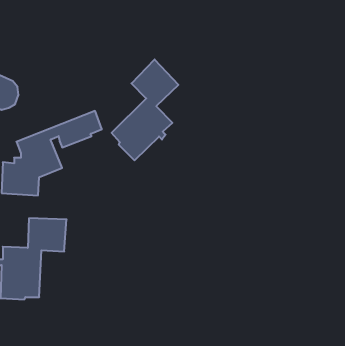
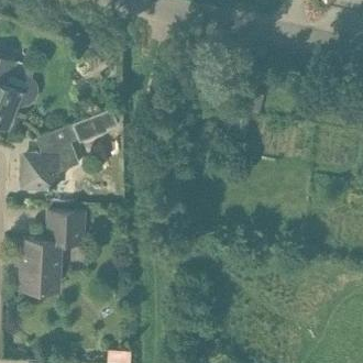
building: [112,59,178,160] -> none

